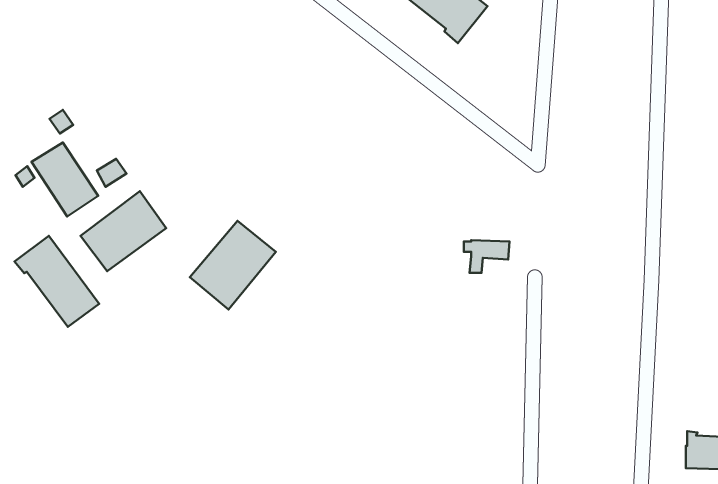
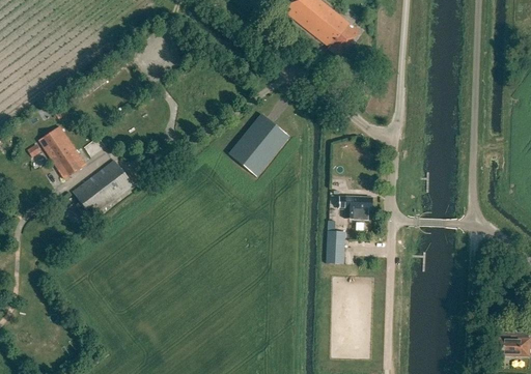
building: [190,221,276,310] -> [229,114,289,176]
building: [15,236,99,327] -> none
building: none -> [326,231,345,265]

